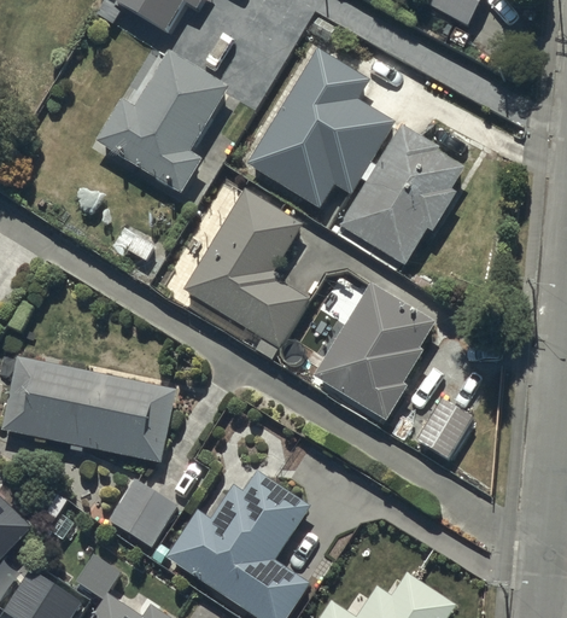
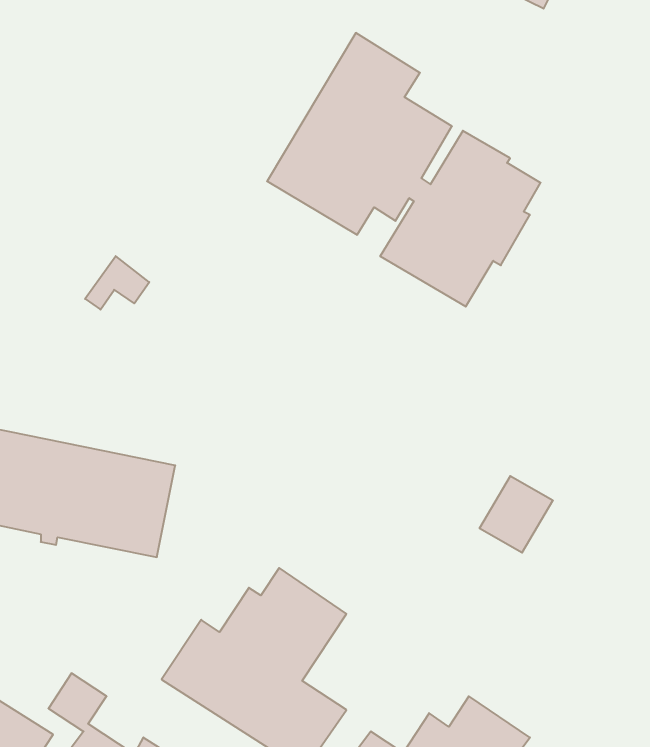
building: [97,49,228,192] -> none
building: [183,187,309,366] -> none
building: [315,281,434,419] -> none
building: [106,477,179,548] -> none

